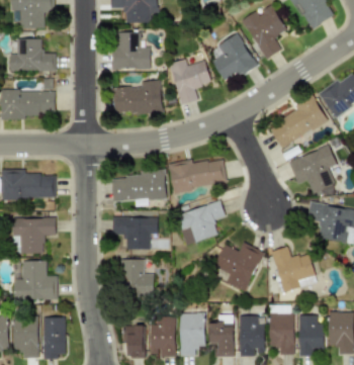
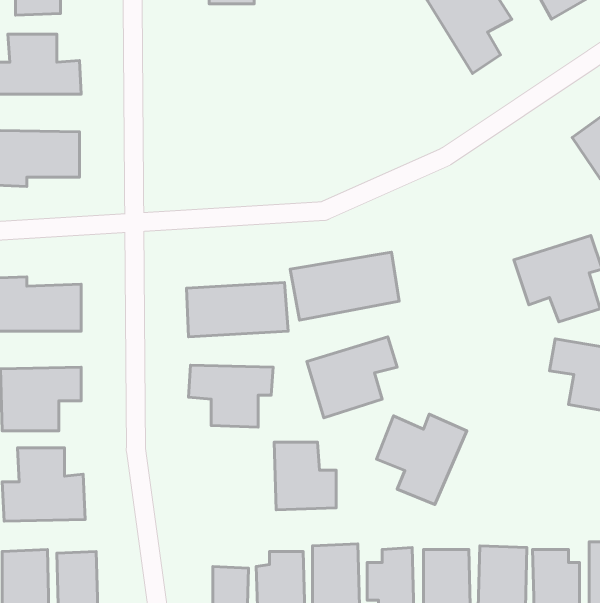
building: [114,32,151,70] -> none
building: [212,33,255,82] -> none
building: [170,60,211,104] -> none
building: [112,80,162,114] -> none
building: [268,98,328,148] -> none
building: [272,247,315,292] -> none
building: [120,259,154,295] -> [274,442,336,510]

